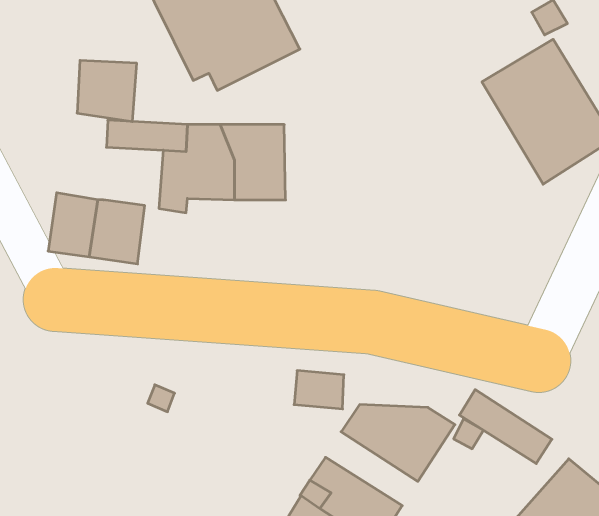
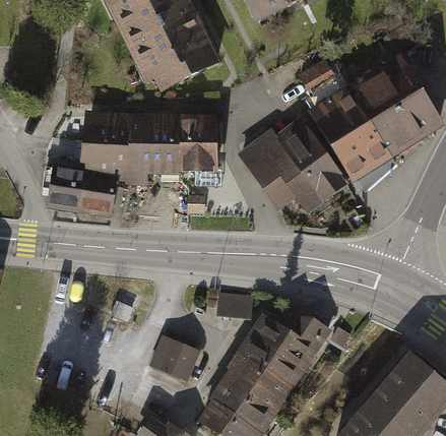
building: none -> [298,57,394,180]
building: [77,60,137,122] -> [80,130,123,174]
building: none -> [235,126,346,222]
building: [459,390,552,464] -> [239,333,305,386]
building: none -> [148,334,199,380]

